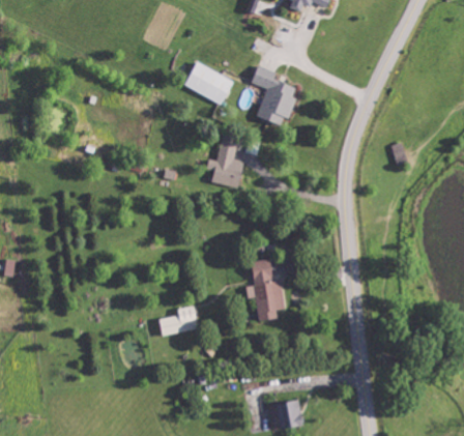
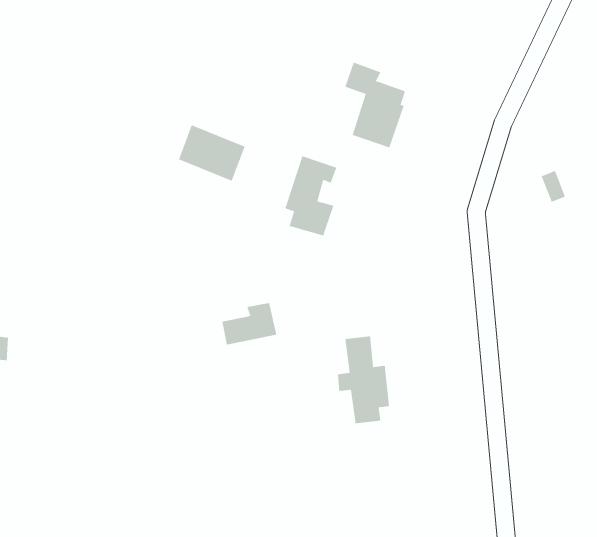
building: [185,63,233,104] -> [178,124,245,182]
building: [158,306,198,336] -> [222,303,277,345]

